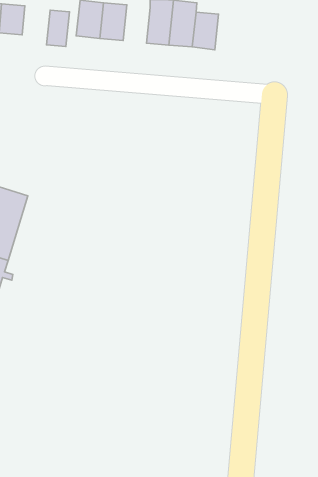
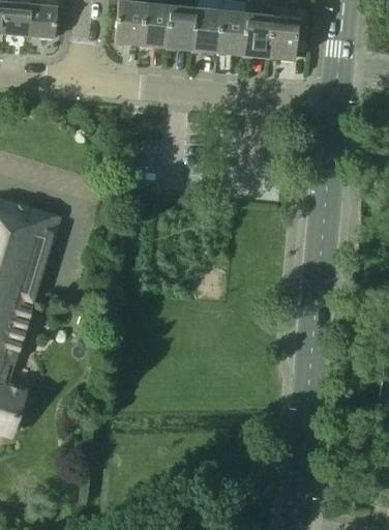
building: none -> [164,6,194,49]
building: [46,10,69,46] -> none
building: none -> [266,17,297,58]

